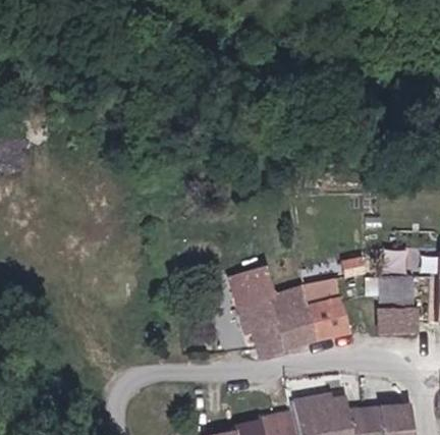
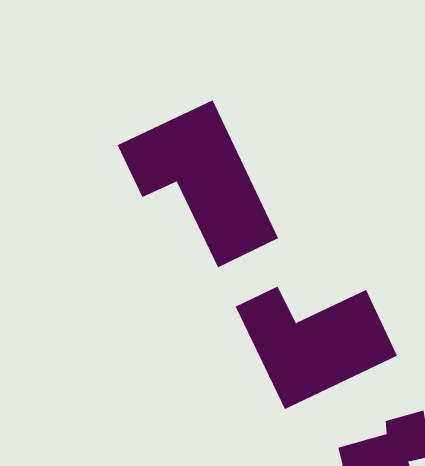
building: none -> [117,100,279,268]

